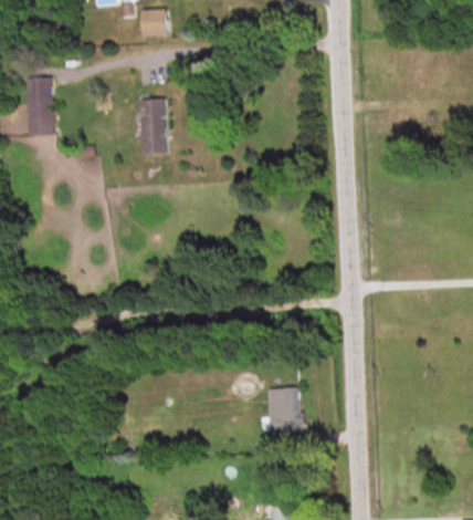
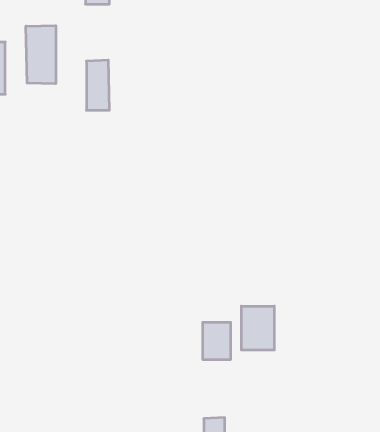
building: none -> [26,26,56,84]
building: none -> [241,306,274,350]

